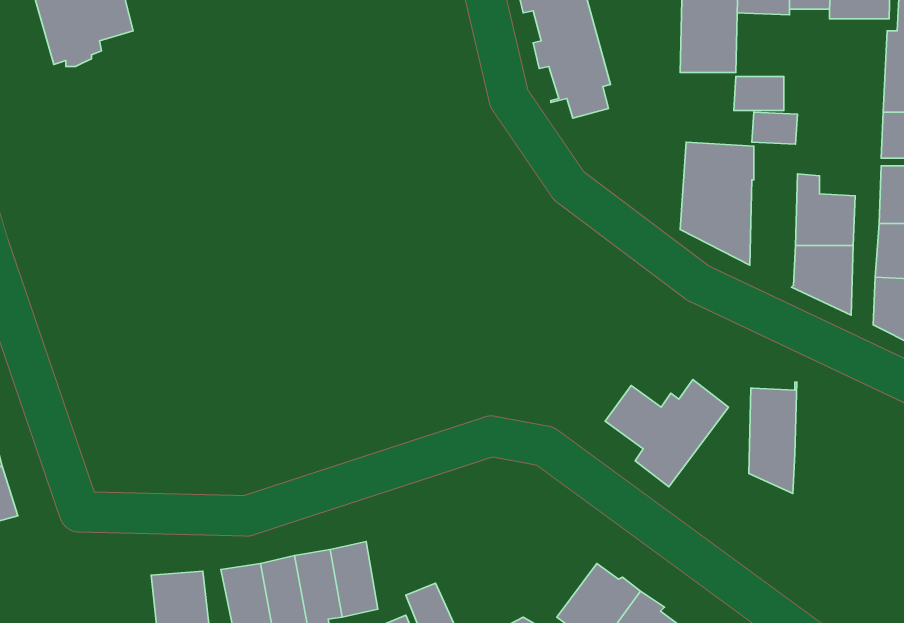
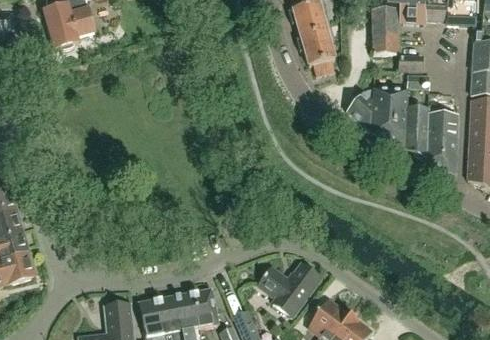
building: none -> [347,87,373,131]
building: [605,379,729,487] -> [258,263,320,317]
building: [749,382,797,494] -> [405,103,429,159]

